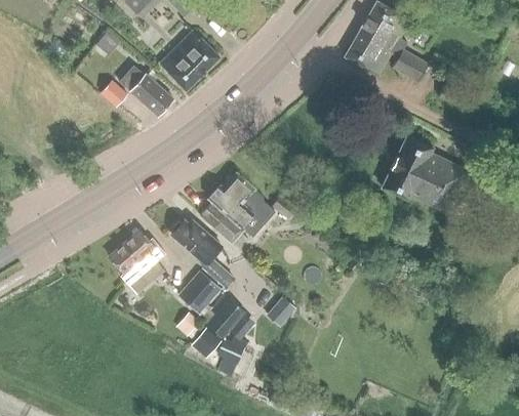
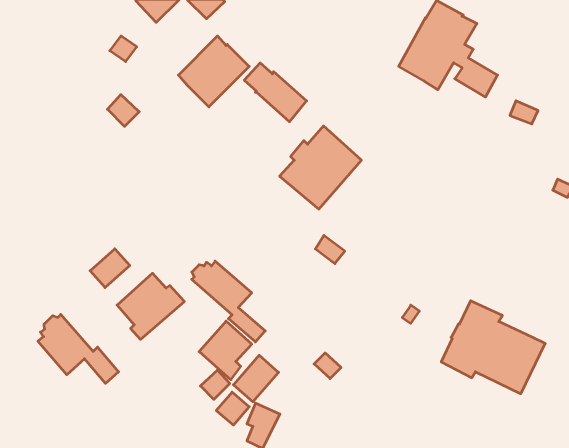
building: [120,67,172,116] -> [244,63,307,122]
building: [382,135,469,213] -> [441,301,545,394]
building: [199,172,268,242] -> [280,126,361,209]
building: none -> [90,249,130,288]
building: none -> [38,314,119,383]

